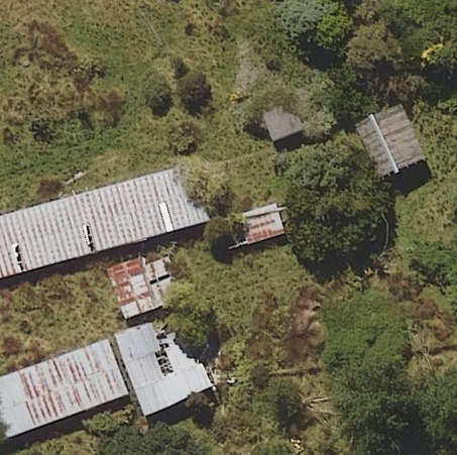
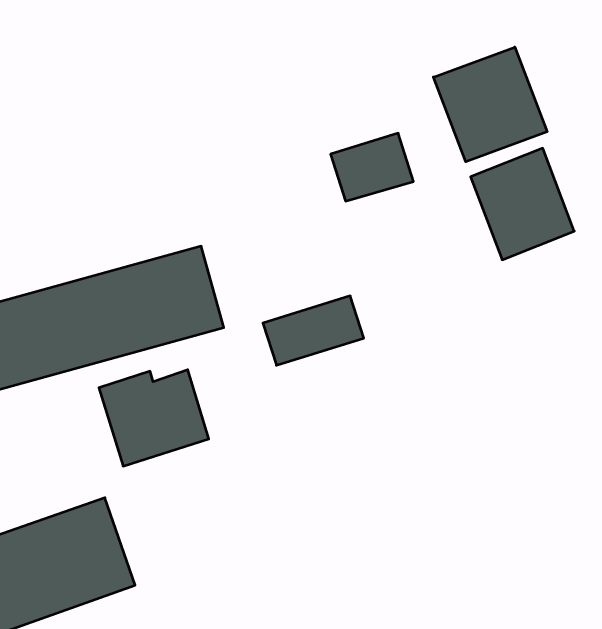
building: none -> [433,47,547,162]
building: [115,324,213,415] -> none

